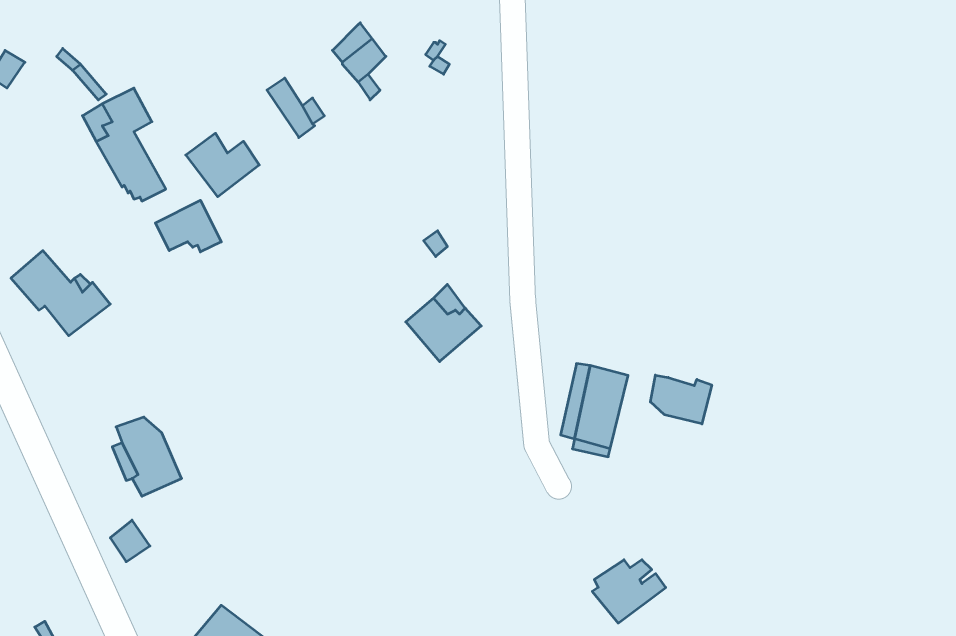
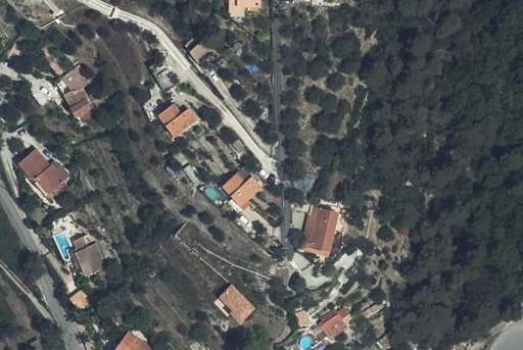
building: [186,133,259,197] -> [157,104,195,137]
building: [155,200,221,252] -> none
building: [650,375,712,424] -> none
building: none -> [217,283,255,321]

